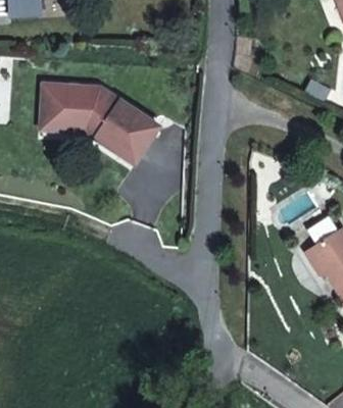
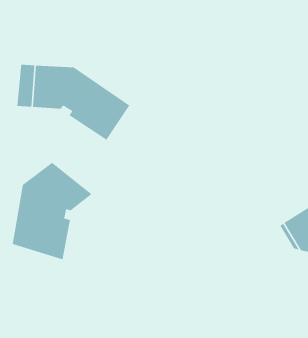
building: none -> [12,162,93,260]

